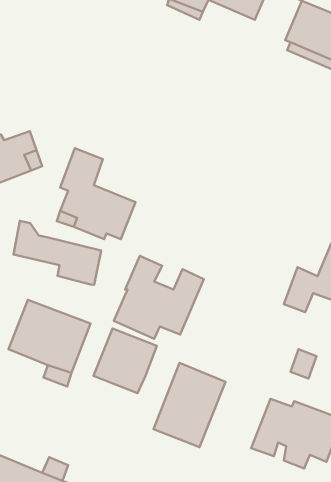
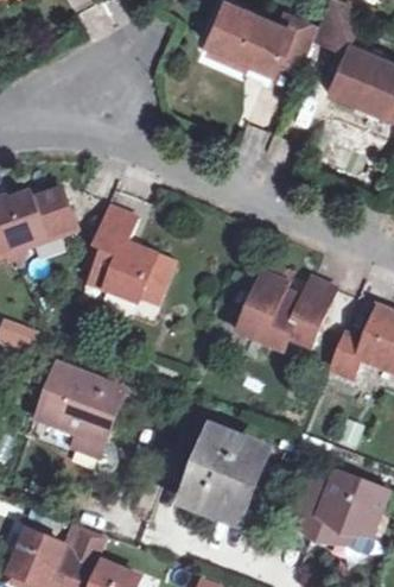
building: [14,221,101,285] -> none
building: [114,256,204,339] -> [239,264,333,352]
building: [93,328,157,393] -> none

